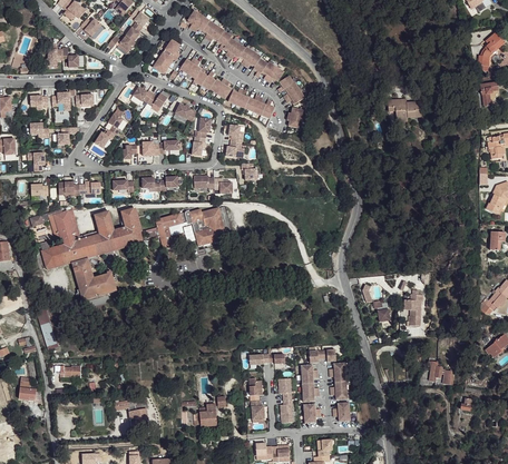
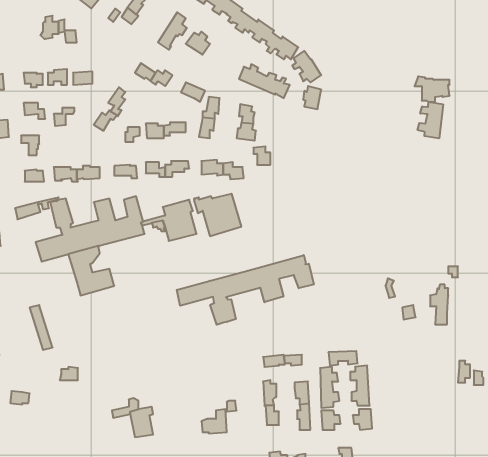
building: [193,66,231,98] -> none
building: none -> [418,102,443,138]
building: none -> [177,255,314,325]

